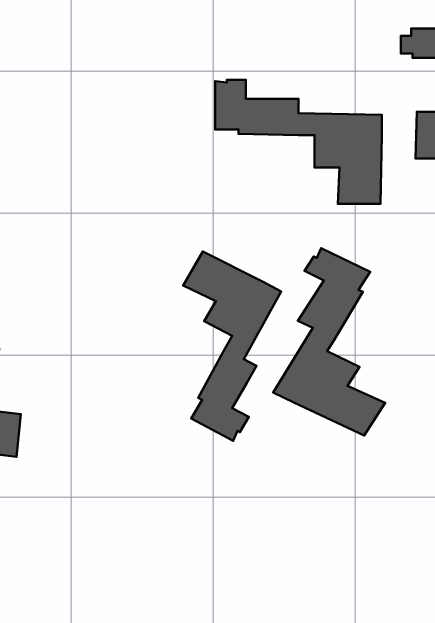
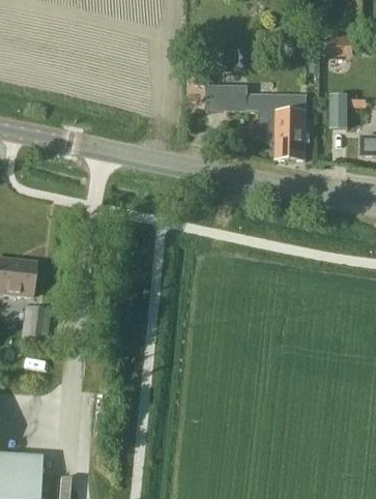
building: [273,248,385,435] -> none
building: [183,251,281,441] -> none

